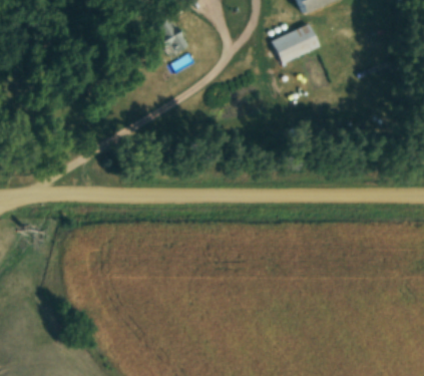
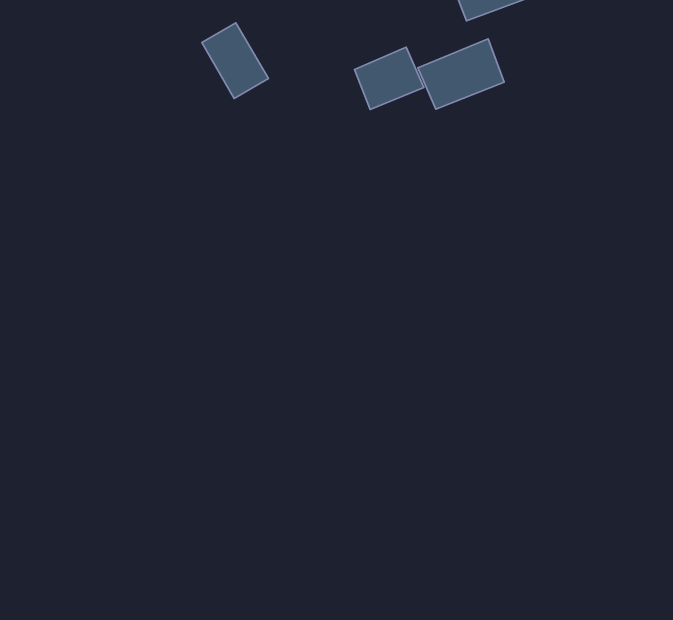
building: none -> [355,47,424,109]

